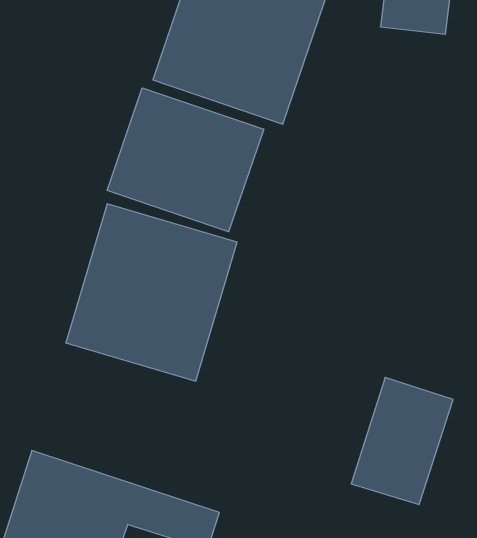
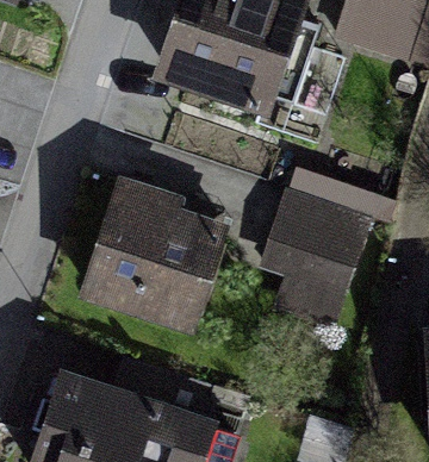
building: [107,88,264,232] -> none
building: [351,377,453,504] -> [275,202,358,305]

